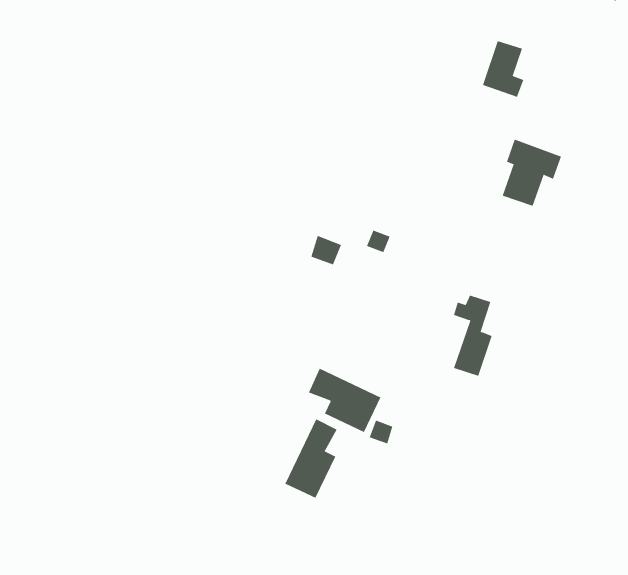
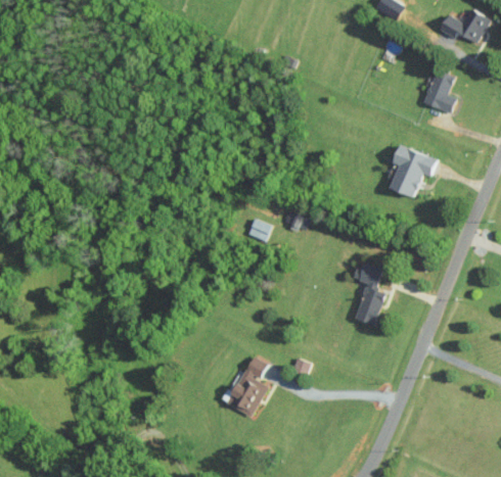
building: [482,40,524,97] -> [422,69,454,112]
building: [308,368,381,433] -> none

